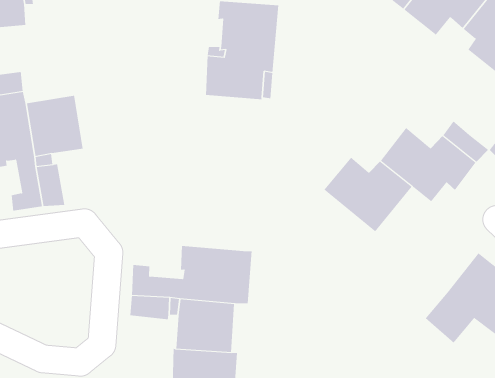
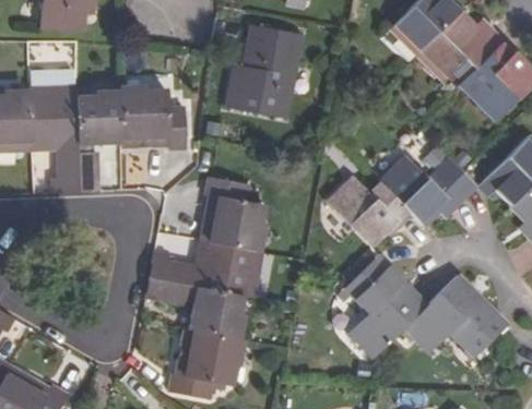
building: none -> [120,89,187,148]
building: none -> [199,178,262,250]
building: none -> [347,255,428,358]

